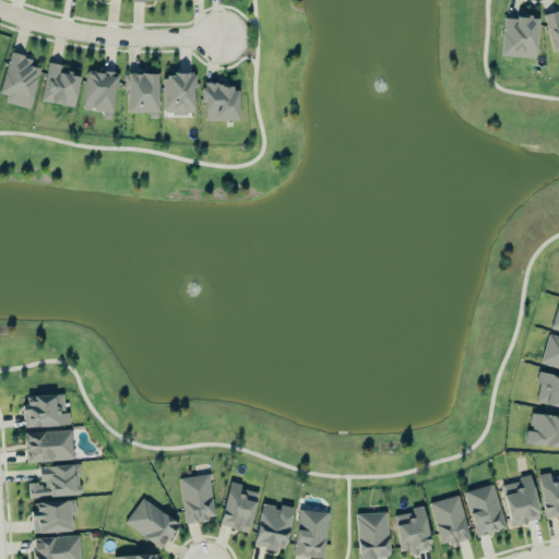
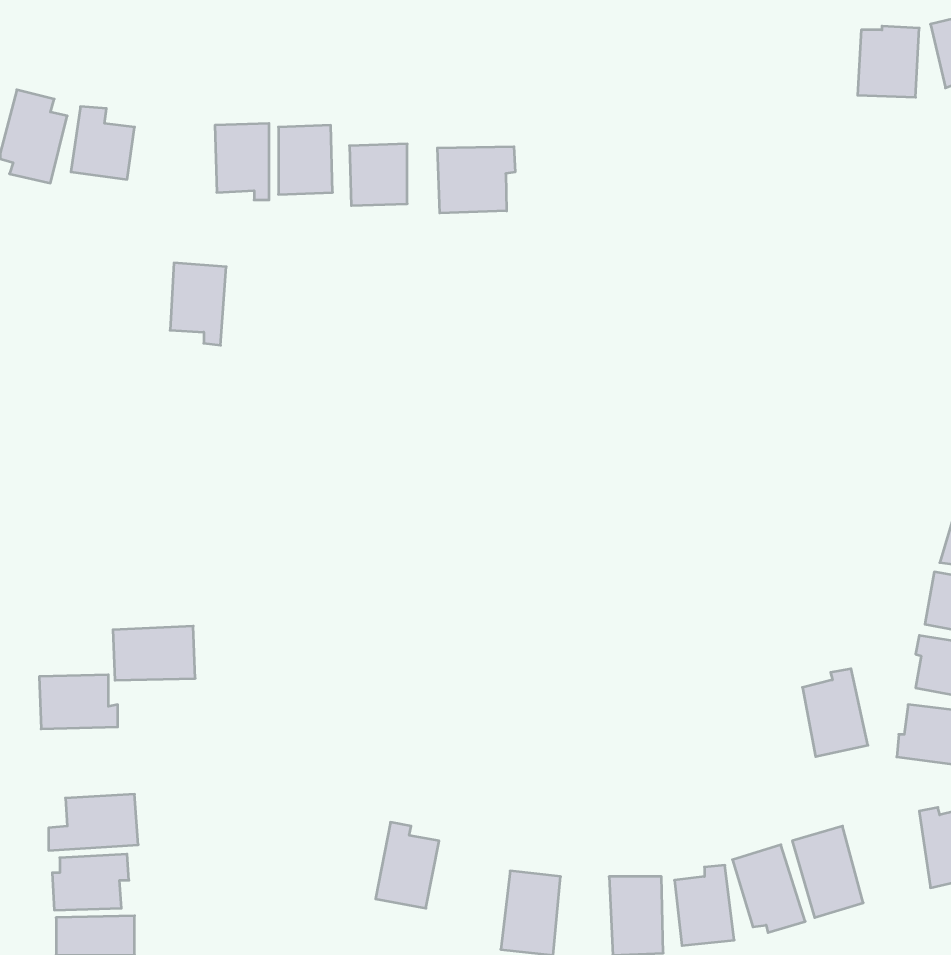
building: [85,70,118,118] -> [170,263,226,345]
building: none -> [437,147,515,213]
building: [26,429,74,461] -> [113,626,195,680]
building: [180,473,217,522] -> none
building: [503,474,542,525] -> [802,669,868,757]
building: [127,499,180,547] -> none
building: [254,503,295,550] -> none

